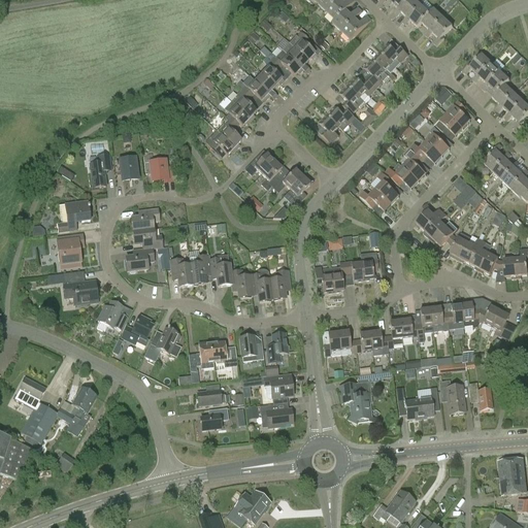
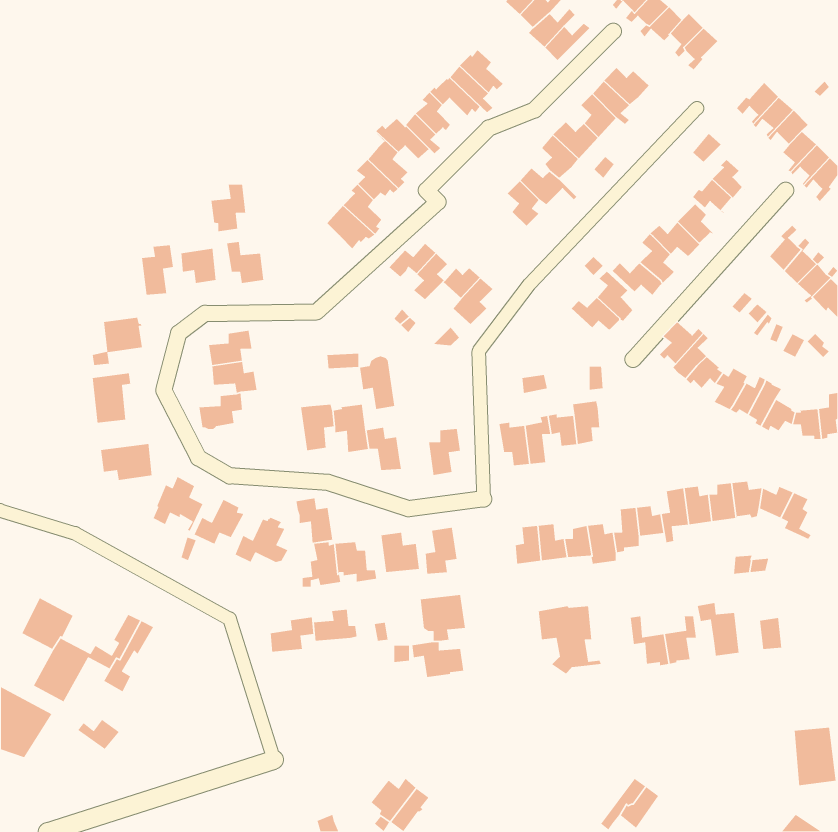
building: none -> [210,184,246,232]
building: [169,257,193,286] -> [295,497,333,543]
building: [250,267,272,301] -> [359,356,395,410]
building: [200,406,228,429] -> [270,617,314,653]

